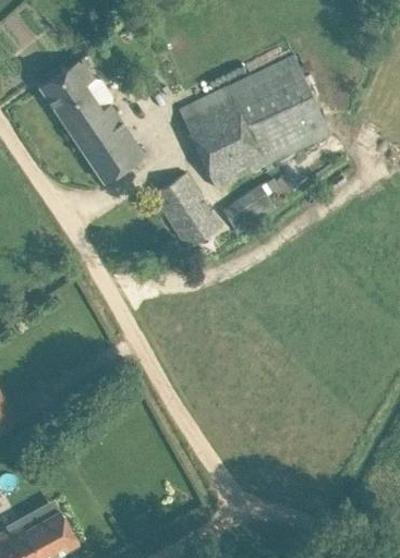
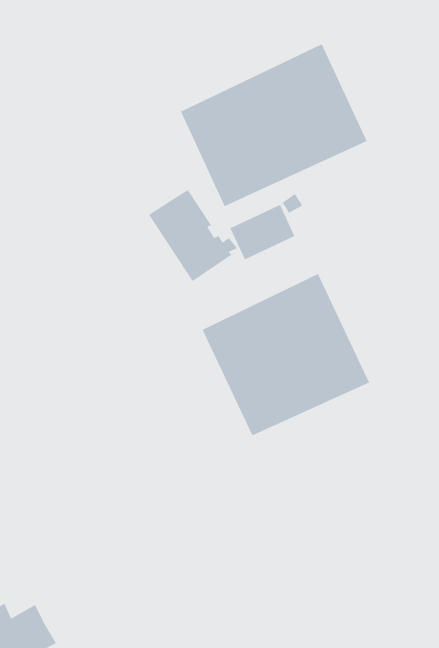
building: [38,59,143,182] -> none
building: none -> [202,273,370,436]

